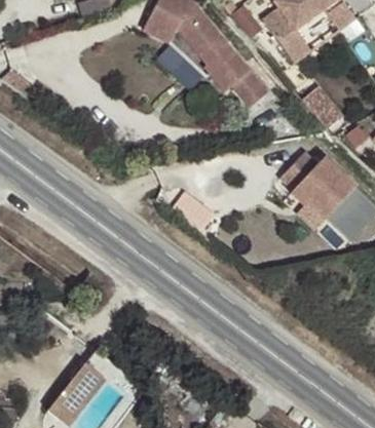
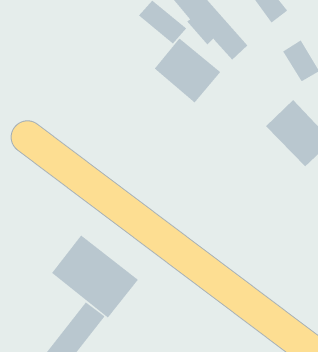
building: none -> [154,37,221,104]
building: none -> [51,234,139,319]

